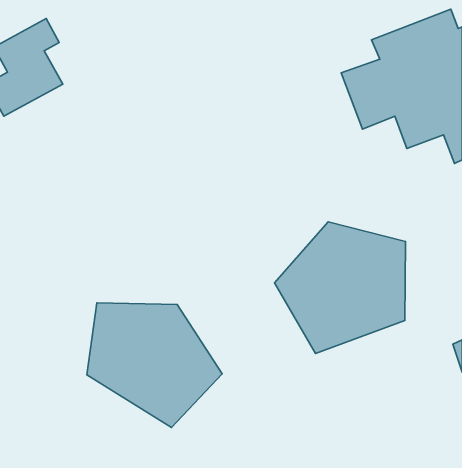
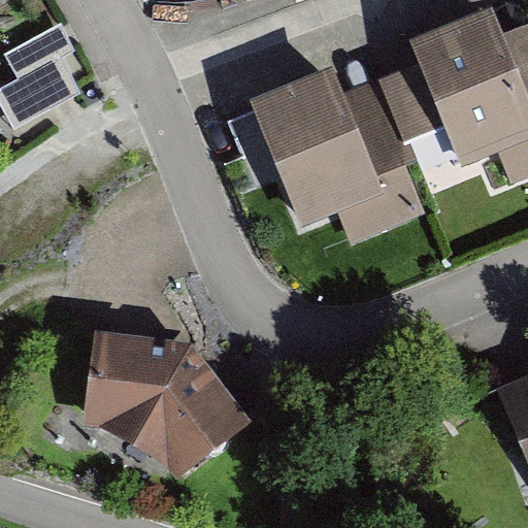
building: none -> [250,64,430,242]
building: [275,222,405,353] -> none

